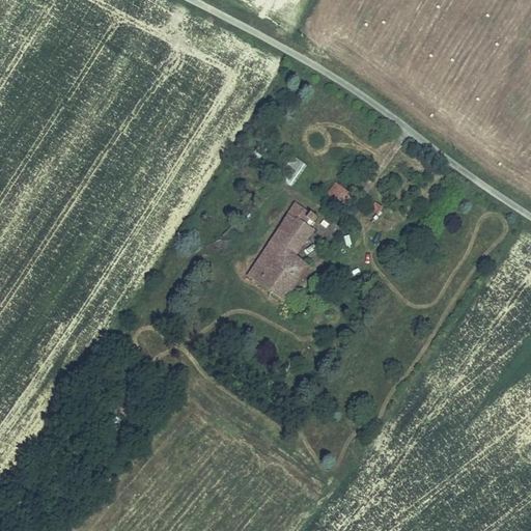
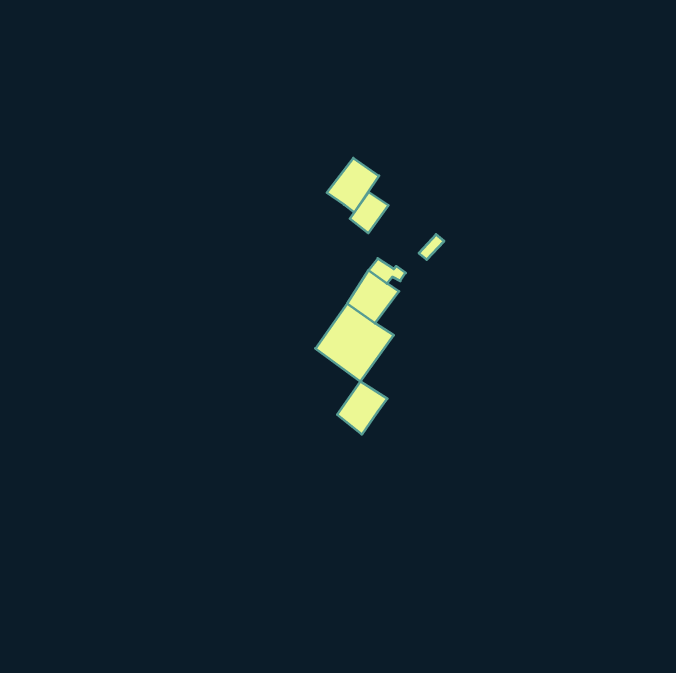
building: none -> [327,158,379,212]
building: none -> [337,382,387,434]

